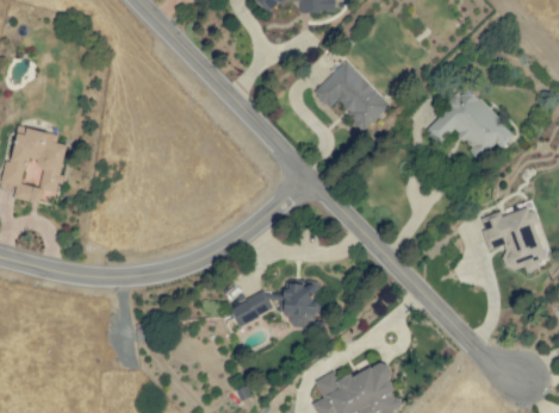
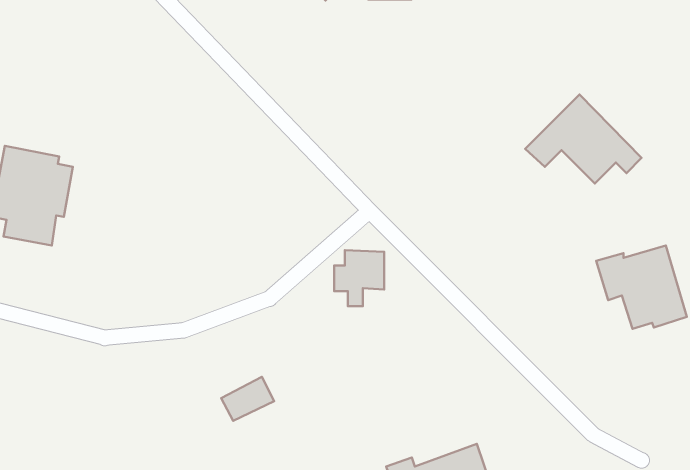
building: [313,61,390,129] -> none
building: [280,282,319,326] -> [334,250,384,306]
building: [230,292,272,326] -> [221,377,274,421]

